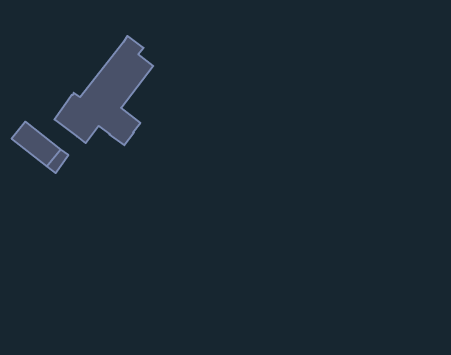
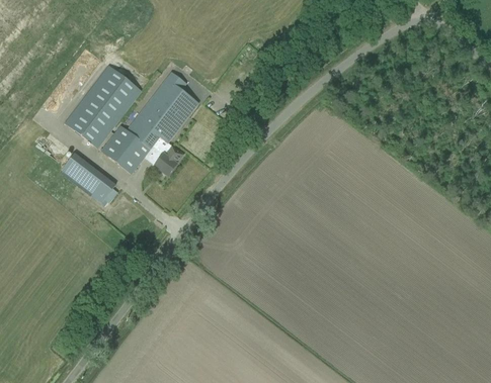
building: none -> [65,66,142,149]

